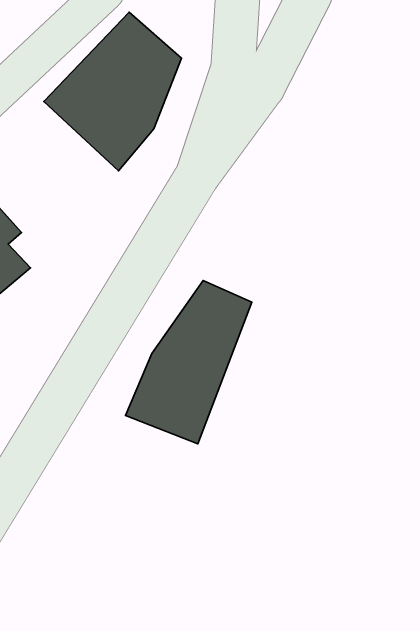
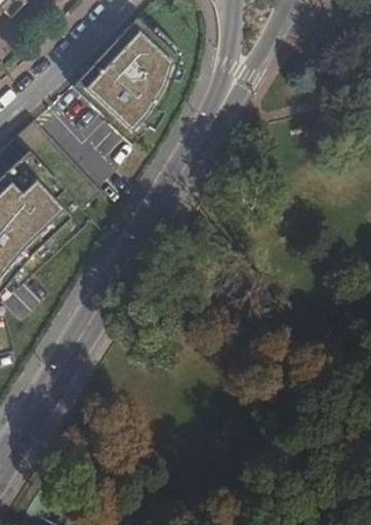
building: [125,281,252,444] -> none

